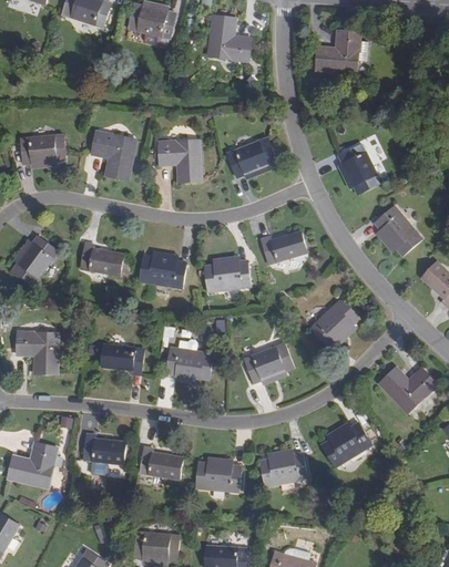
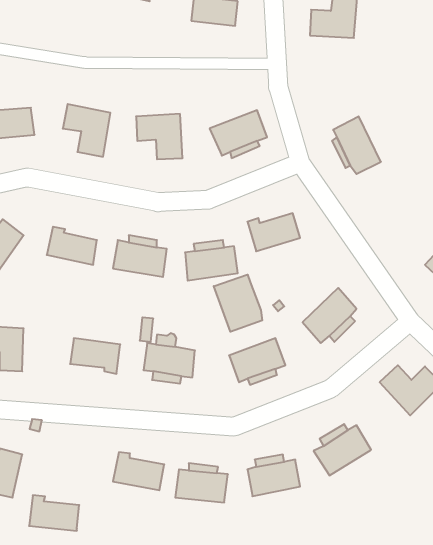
building: [373,205,421,256] -> none
building: none -> [214,275,262,332]
building: [81,433,126,465] -> [29,495,79,531]

